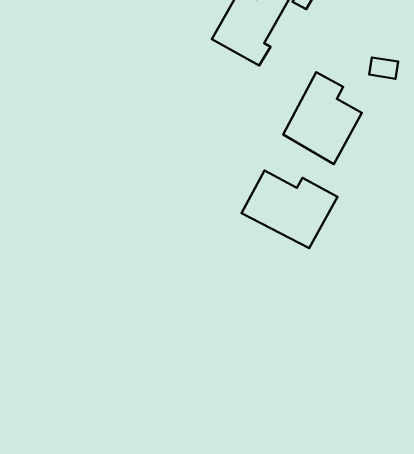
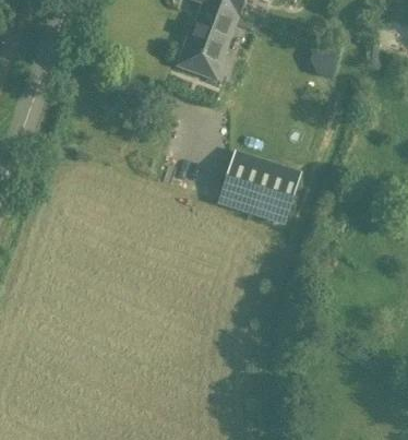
building: [283,72,362,164] -> none

